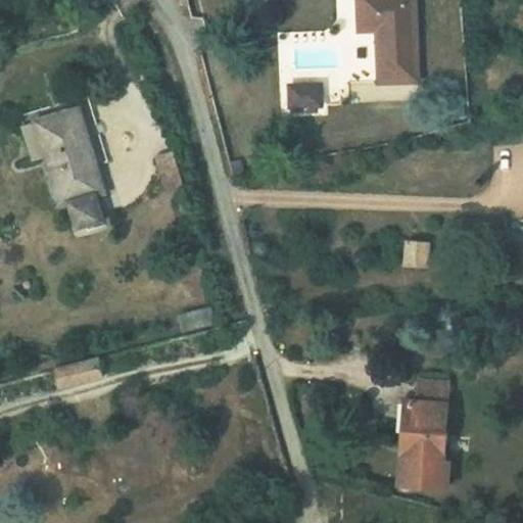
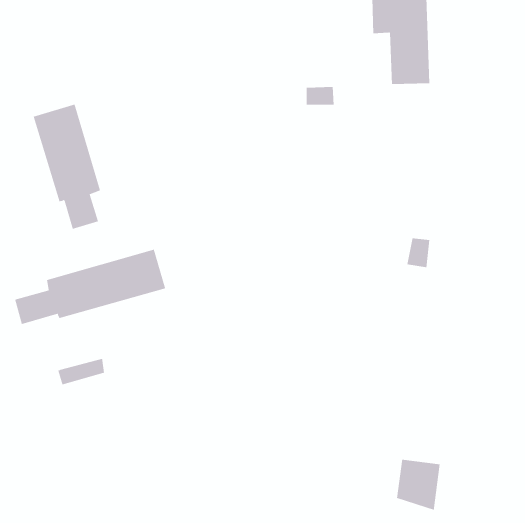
building: none -> [15,249,166,325]
building: [399,380,449,461] -> none

